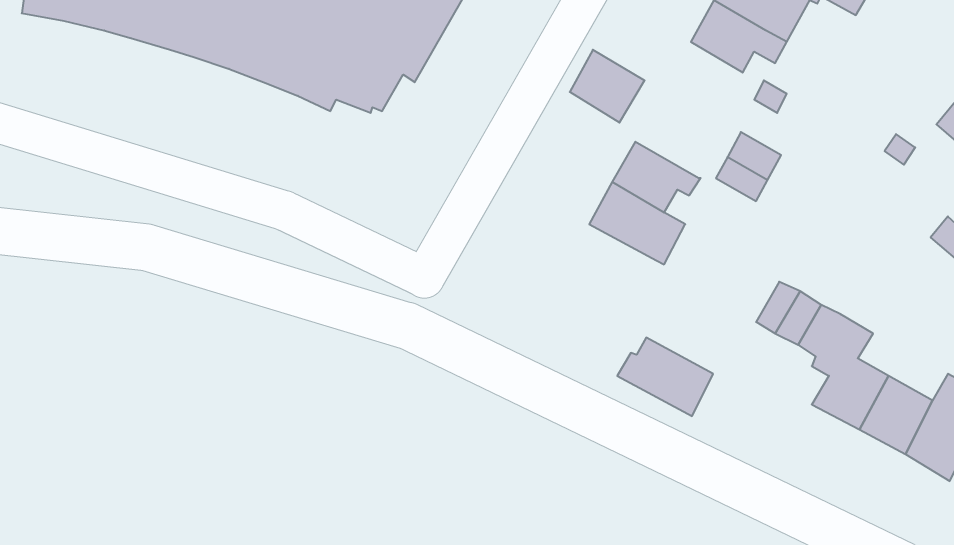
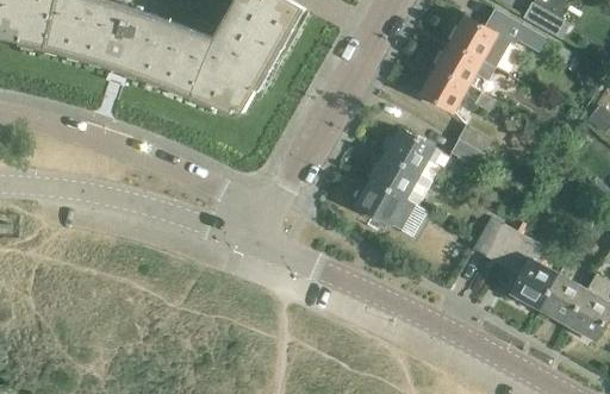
building: [570,50,645,123] -> [421,67,467,112]
building: [617,338,713,416] -> [354,180,413,229]

